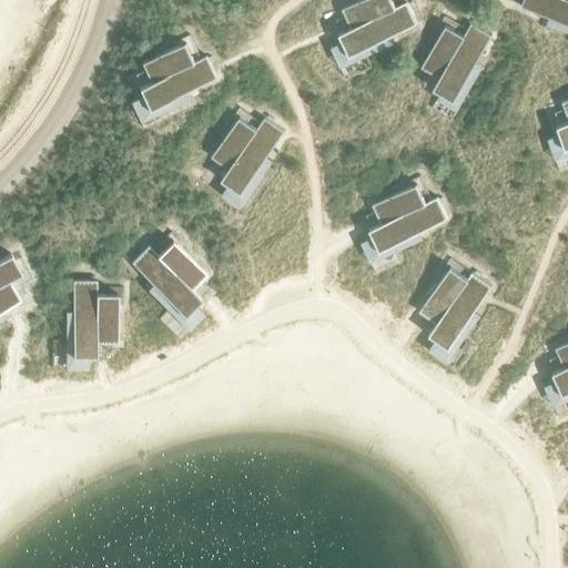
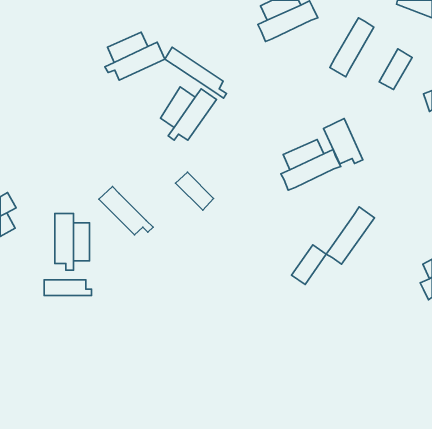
building: [420,27,464,80] -> [379,49,412,89]
building: none -> [165,47,226,98]
building: none -> [323,119,363,164]
building: [156,243,206,293] -> [176,172,214,210]
building: [418,274,464,326] -> [292,245,326,285]
building: none -> [44,280,92,296]

